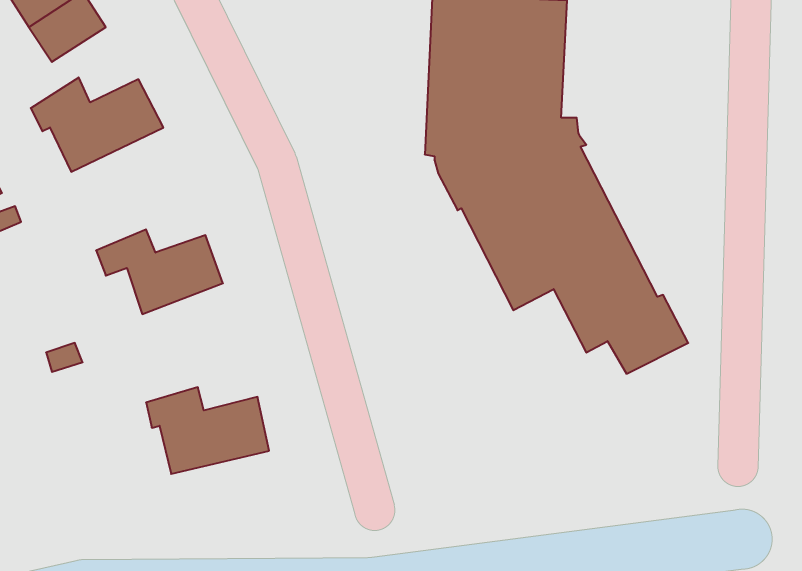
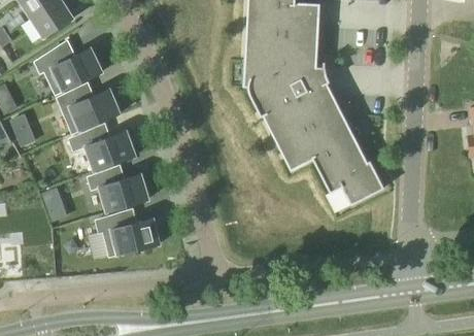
building: none -> [56,87,122,134]
building: none -> [87,168,149,212]

